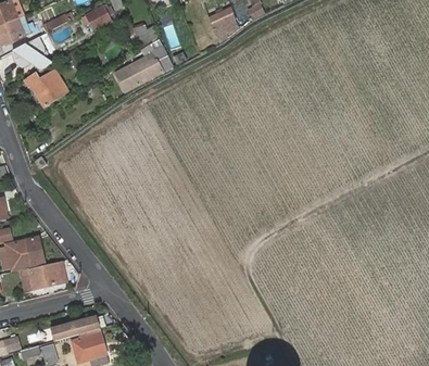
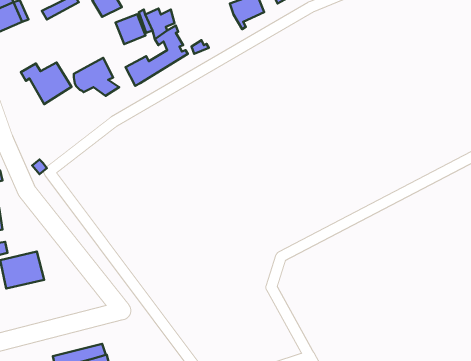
building: none -> [115,14,146,44]
building: [12,35,52,68] -> [74,58,119,96]
building: [23,262,67,290] -> none

